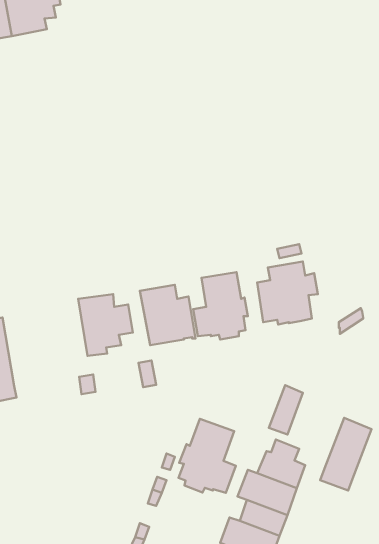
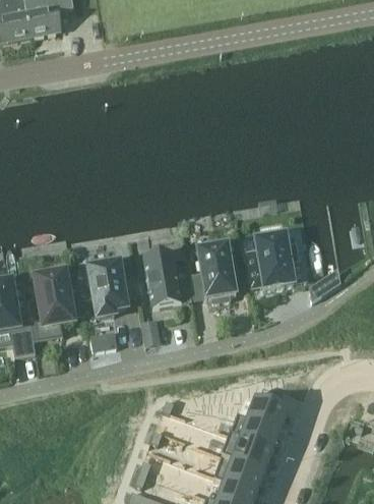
building: none -> [35,270,82,325]
building: [269,385,303,434] -> none
building: [320,418,371,491] -> none
building: [179,419,236,493] -> none

